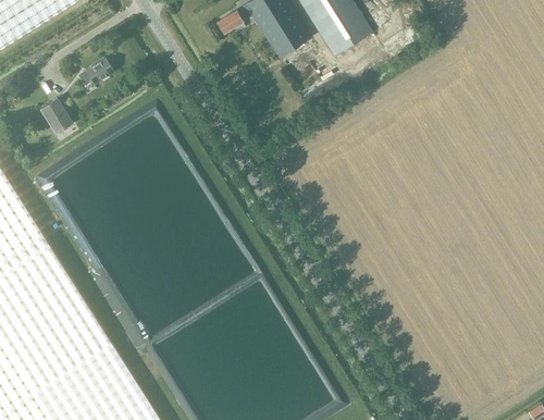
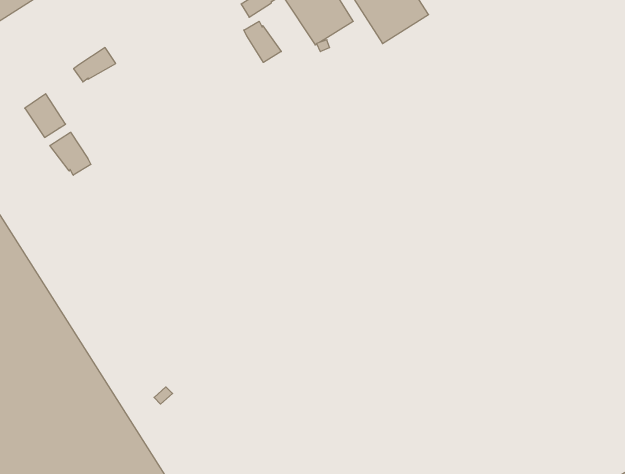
building: none -> [244,21,281,62]
building: none -> [50,132,91,175]

